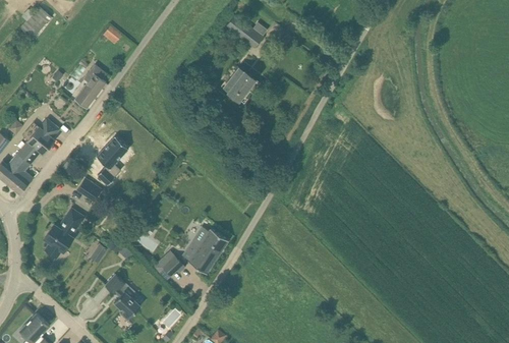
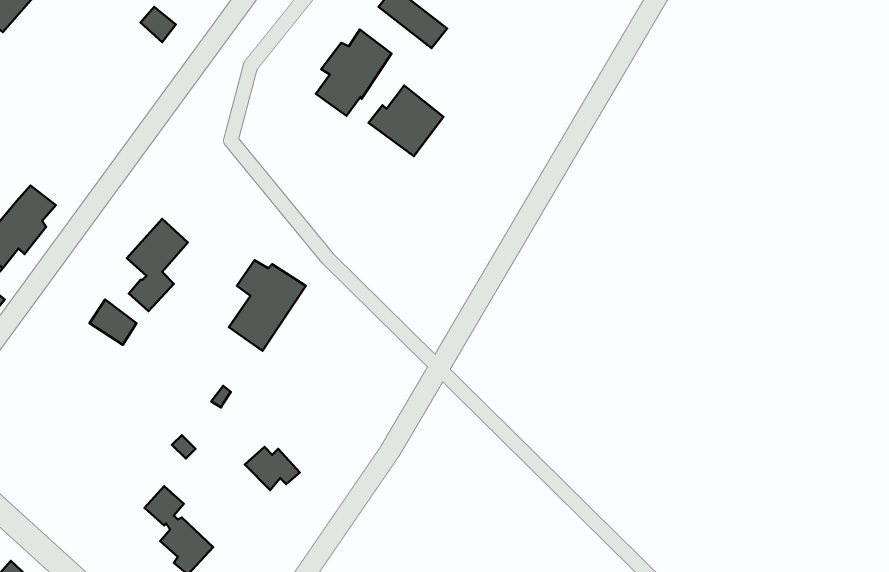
building: none -> [316,29,391,116]
building: [74,69,106,108] -> none
building: [44,208,83,256] -> none
building: [188,226,228,273] -> [229,260,306,351]

